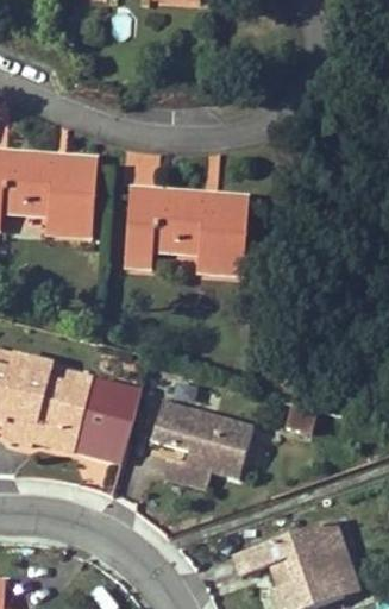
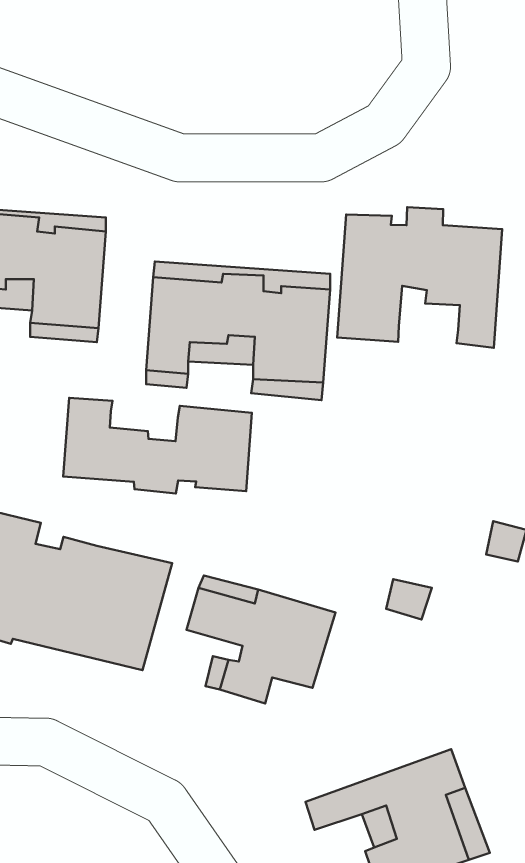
building: none -> [337,207,502,348]
building: none -> [63,398,252,494]

